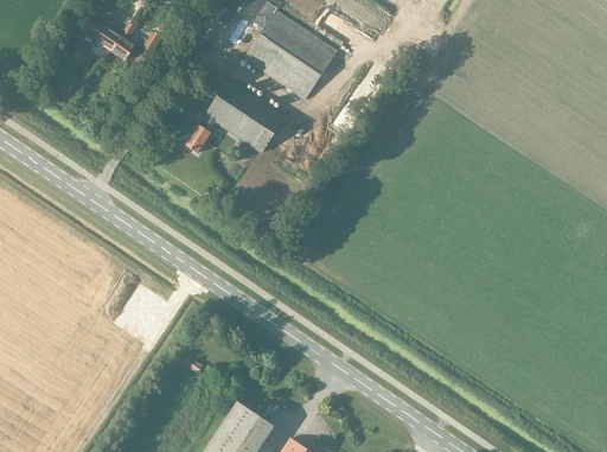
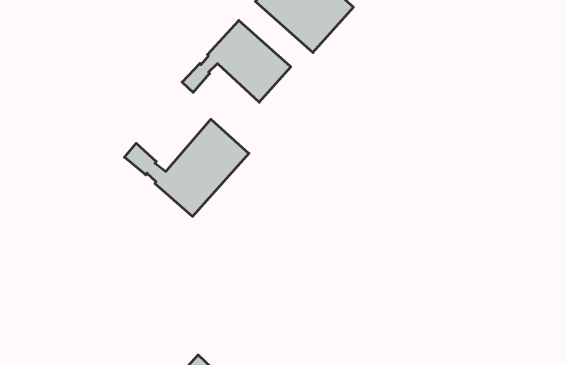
building: none -> [124,119,249,216]

